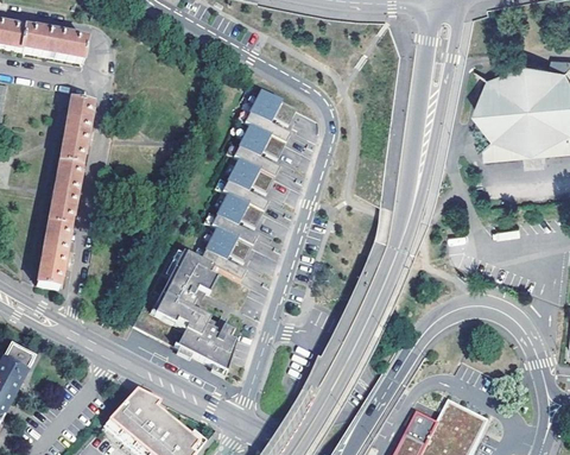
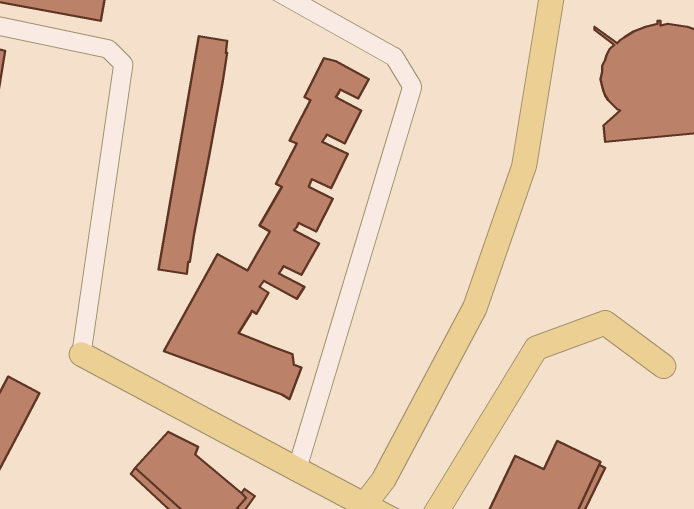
building: [37,99,91,287] -> [158,36,227,274]

